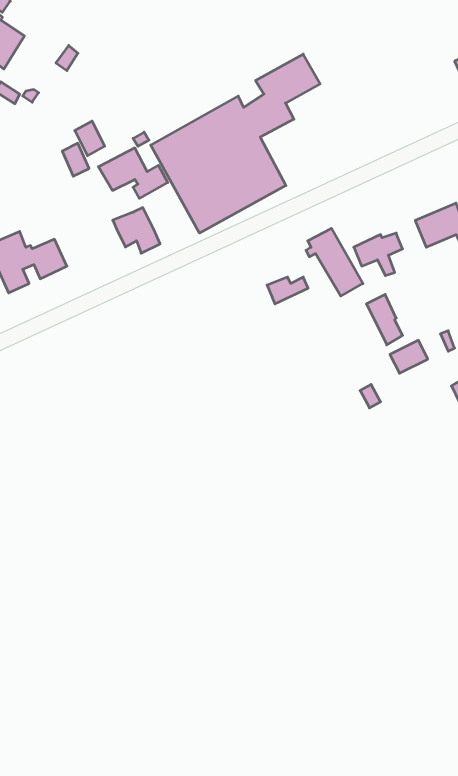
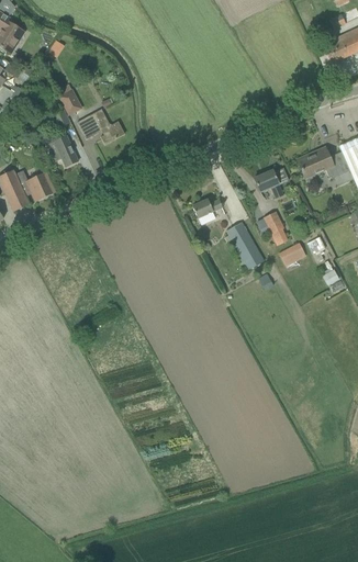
building: [151,54,320,233] -> none
building: [113,208,160,253] -> [46,135,79,167]
building: [306,228,363,296] -> [225,222,265,269]

